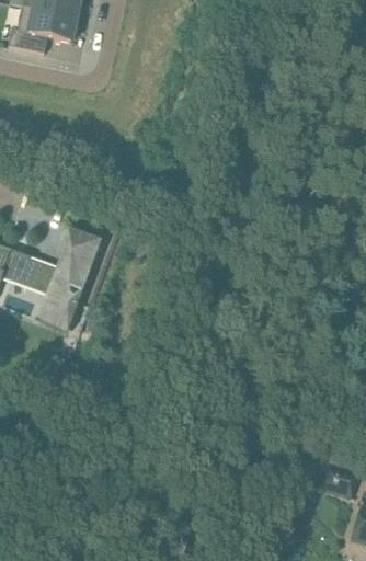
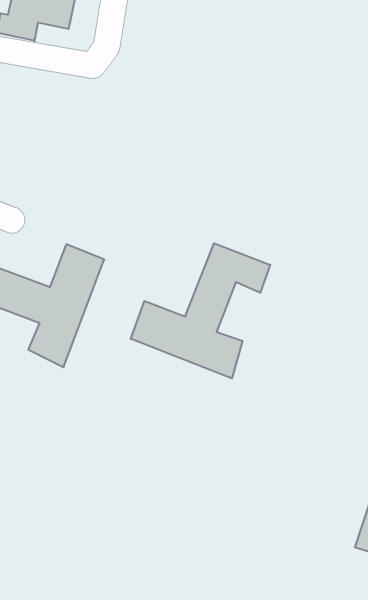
building: none -> [131,243,270,378]

